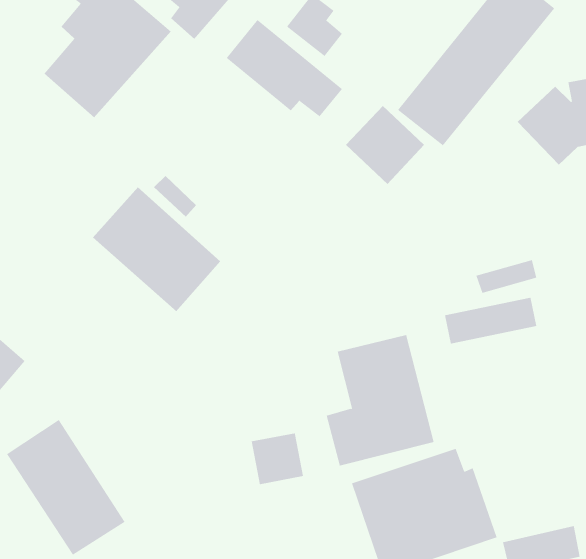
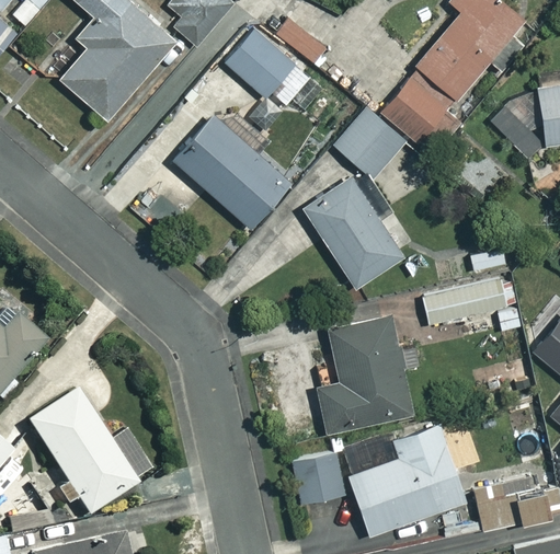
building: none -> [304,178,402,288]
building: [92,187,221,312] -> [172,113,289,227]
building: [251,433,304,485] -> [298,454,346,501]

